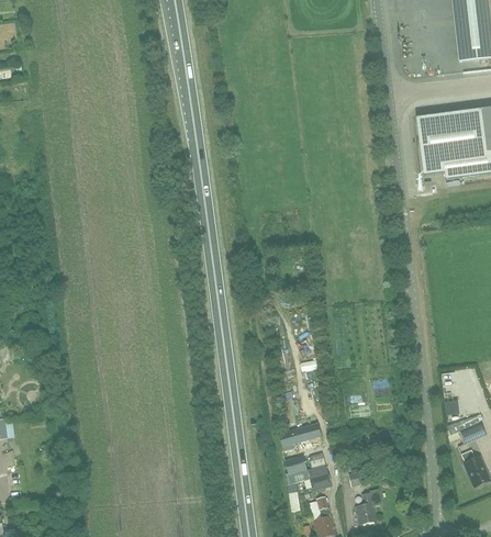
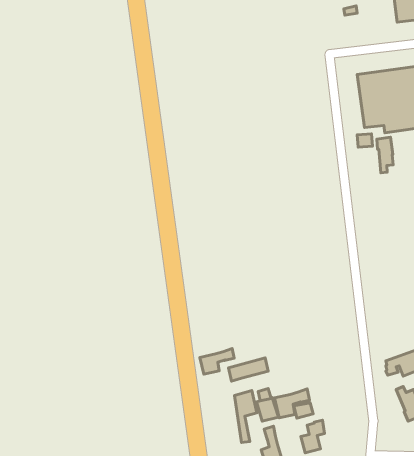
building: none -> [377,137,393,173]
building: none -> [200,348,234,374]
building: none -> [274,389,310,418]

